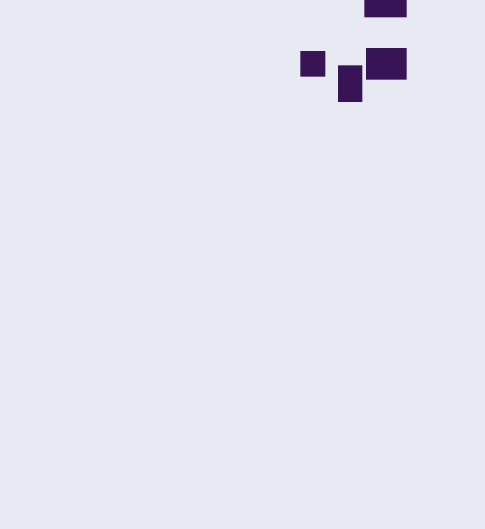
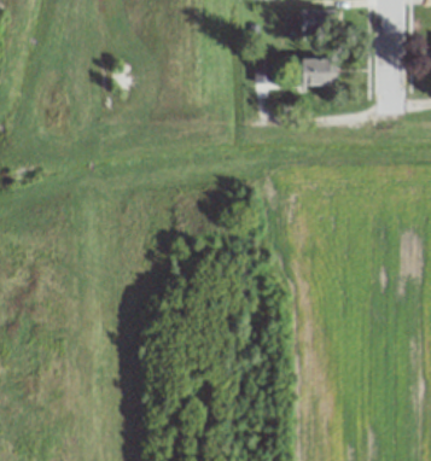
building: [338,65,363,103] -> none

